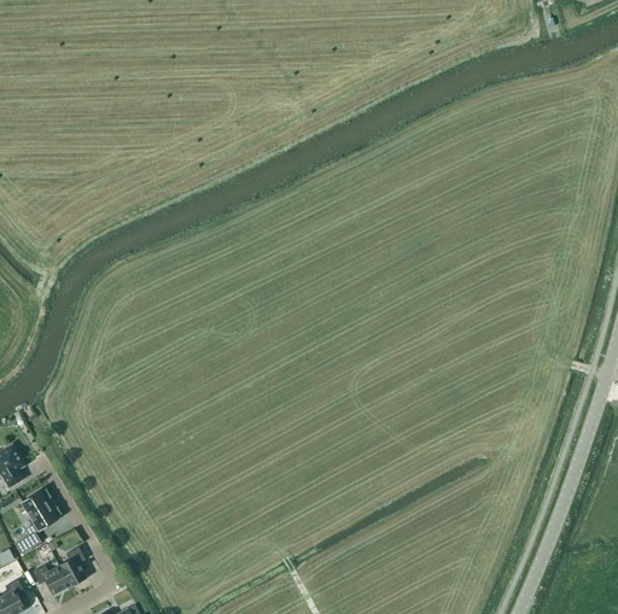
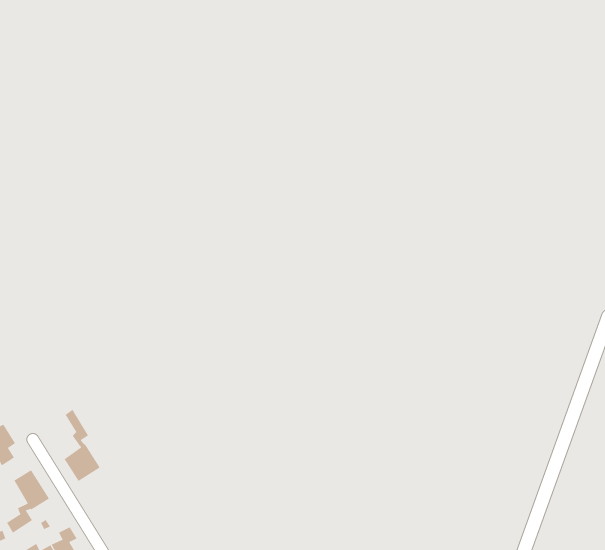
building: none -> [64,409,101,482]

